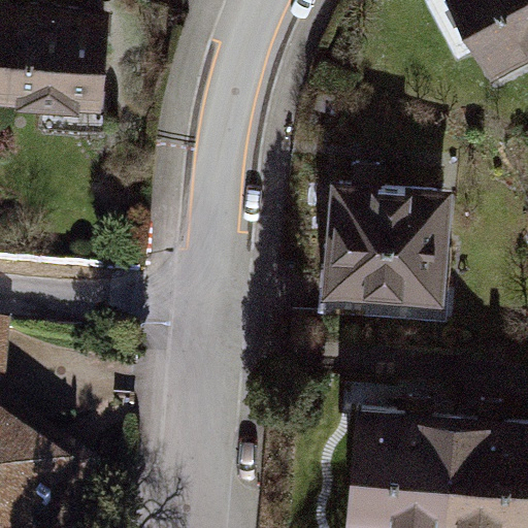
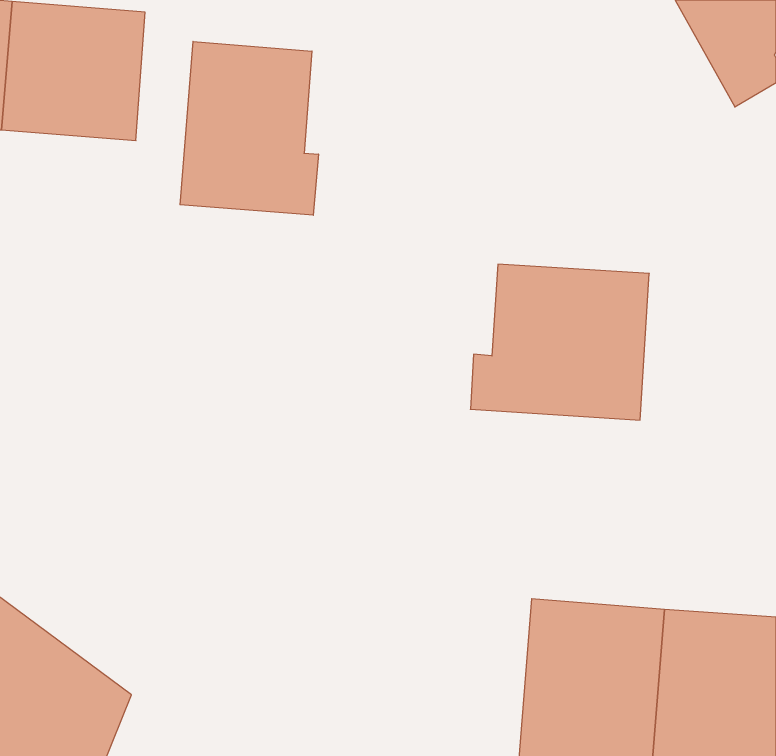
building: none -> [180,41,318,215]

